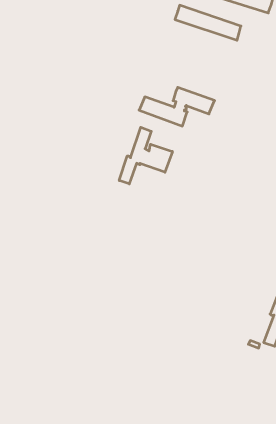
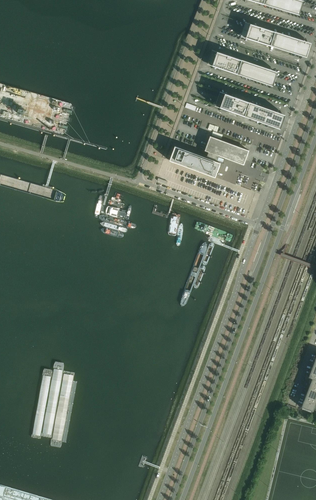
building: none -> [216,92,286,129]
building: [119,127,172,184] -> none

